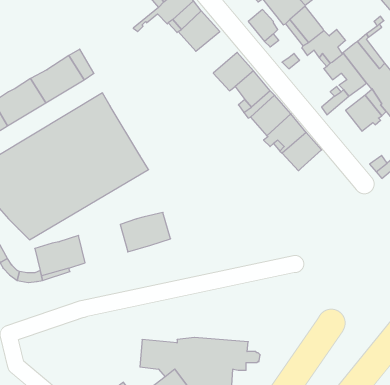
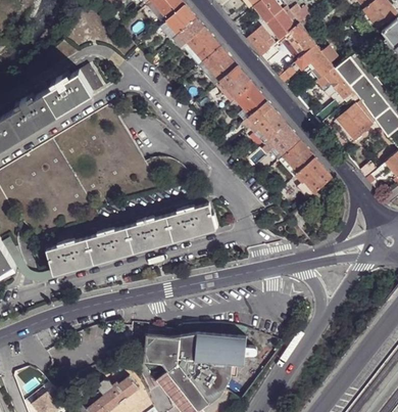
building: none -> [198,47,237,86]
building: none -> [294,157,332,209]
building: none -> [167,203,216,240]
building: none -> [89,227,135,263]

